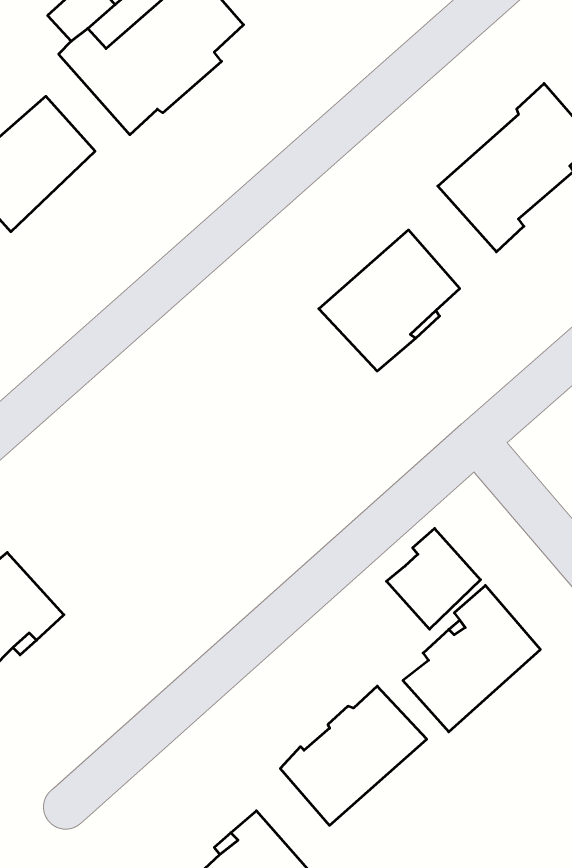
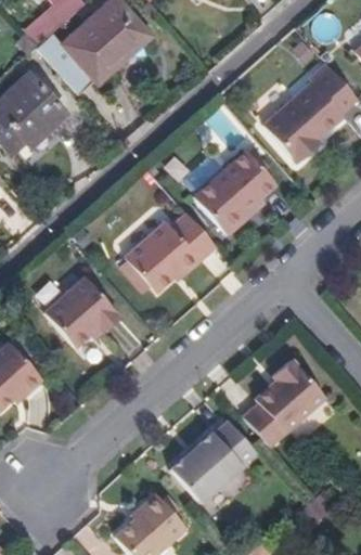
building: none -> [126,212,217,292]
building: none -> [44,276,118,346]
building: [386,528,481,629] -> none

